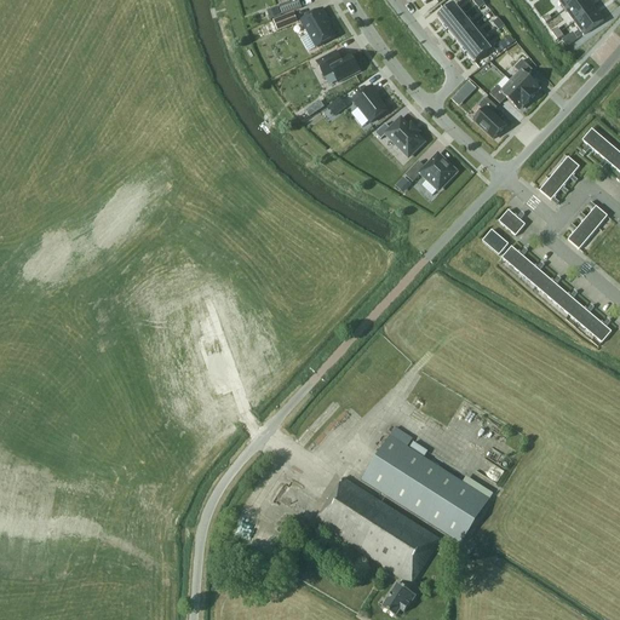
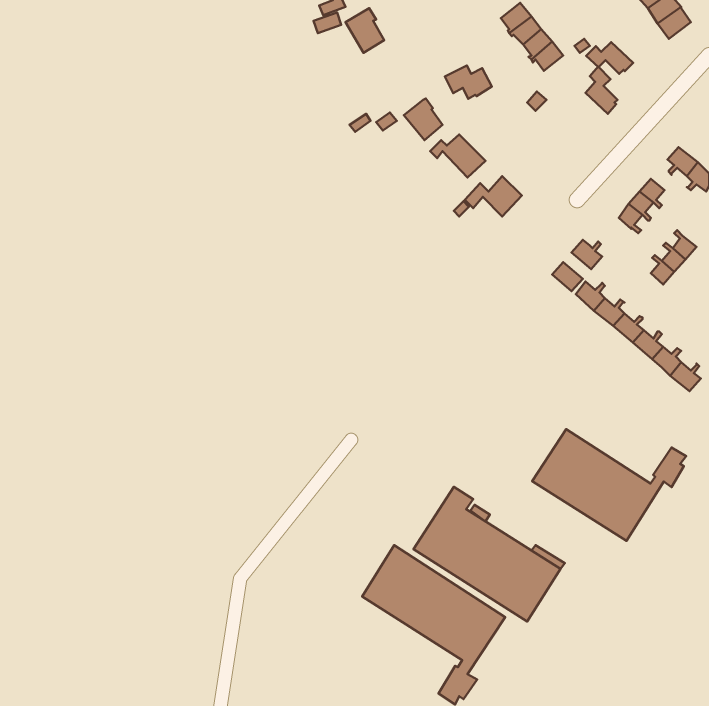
building: [317,51,358,80] -> [445,66,492,99]
building: [489,81,530,109] -> [586,42,633,74]
building: [475,98,505,139] -> none
building: none -> [532,429,686,541]

